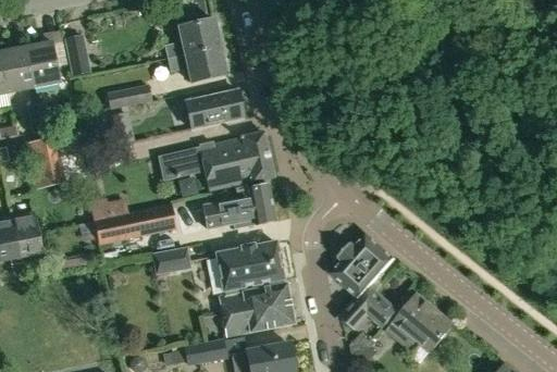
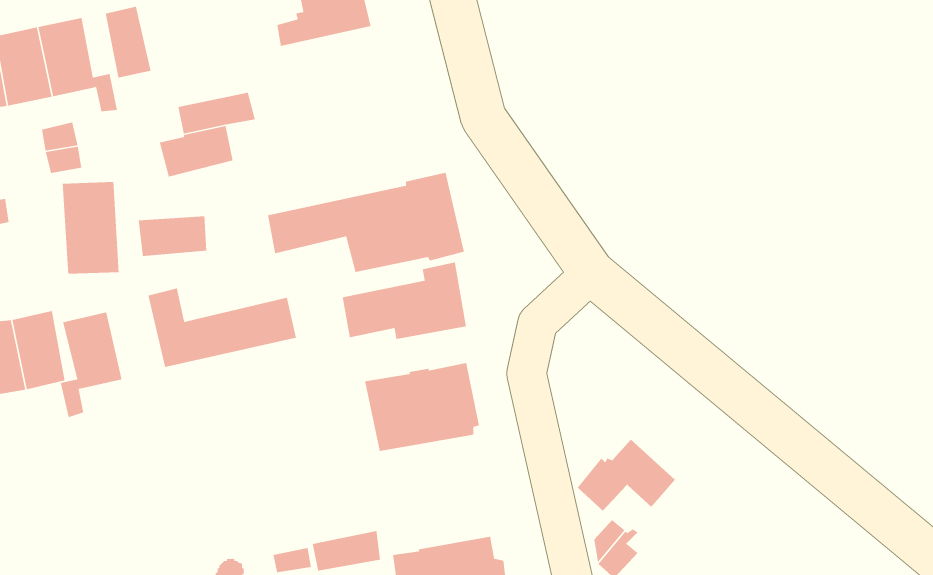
building: [166,45,226,80] -> none
building: [185,89,244,126] -> none
building: none -> [138,216,207,257]
building: none -> [60,312,122,418]
building: [330,232,396,297] -> none
building: [152,246,189,272] -> none
building: [219,281,294,334] -> none
building: [388,292,455,350] -> none

